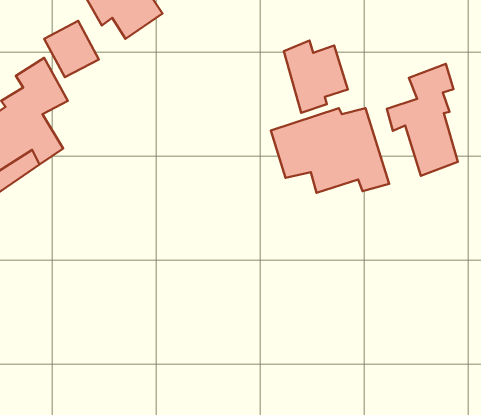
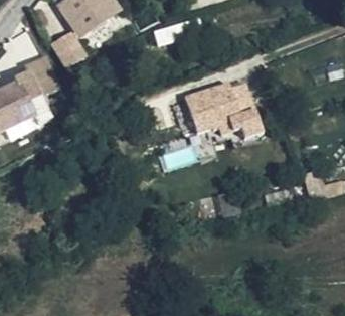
building: [284,40,348,113] -> none
building: [387,64,458,176] -> none

